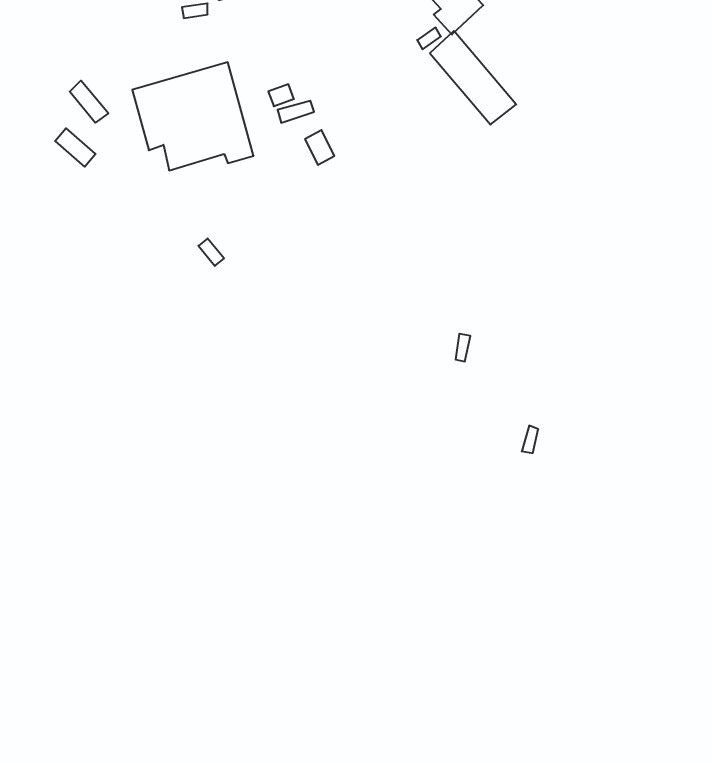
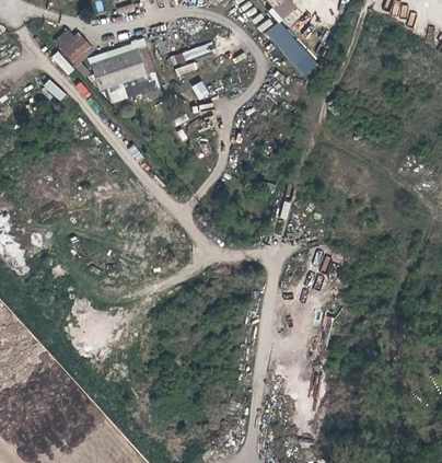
building: none -> [54,26,92,66]

